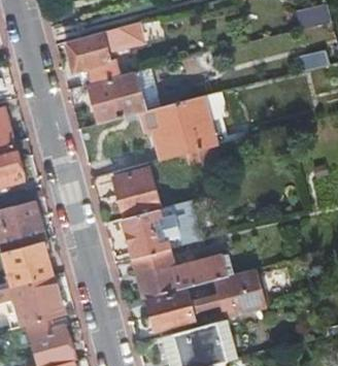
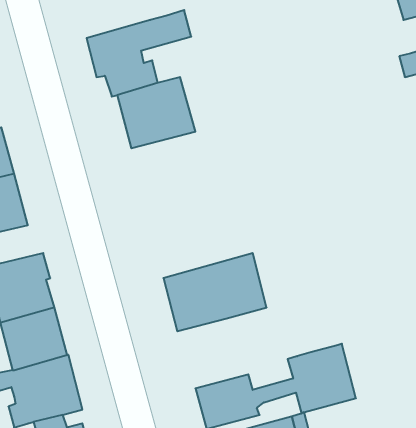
building: [143,96,215,161] -> none
building: [113,169,159,218] -> none
building: [133,249,232,299] -> none

